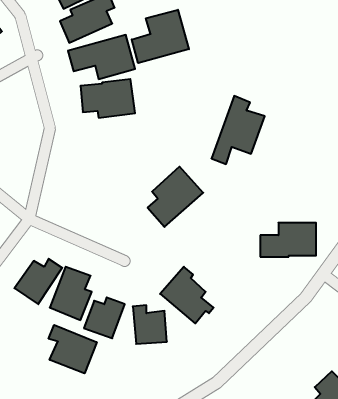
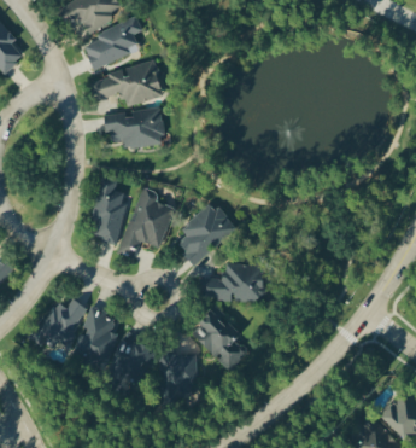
building: [132,10,189,63] -> none
building: [211,96,265,164] -> [118,186,175,258]
building: none -> [88,178,128,243]
building: [260,223,316,257] -> [205,264,264,301]
building: [49,325,97,373] -> none

